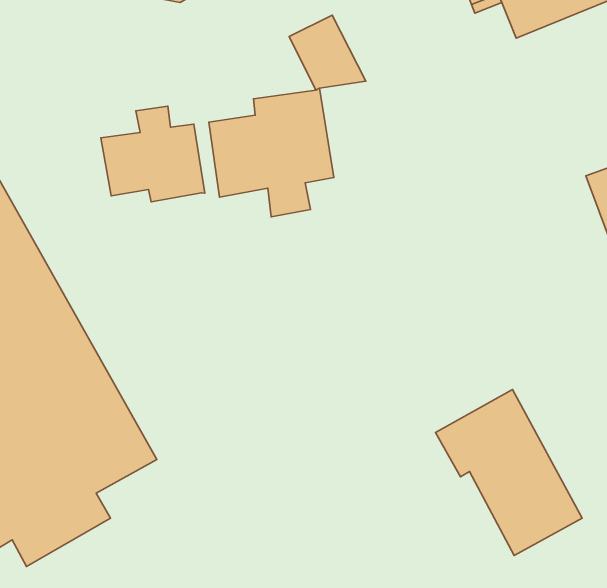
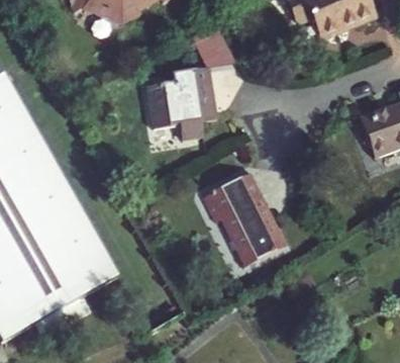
building: [101,106,205,202] -> none
building: [436,390,582,555] -> [203,170,286,264]

